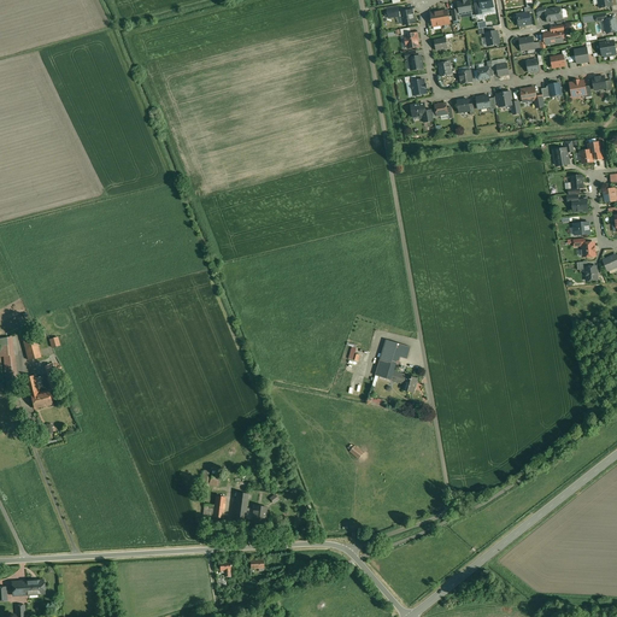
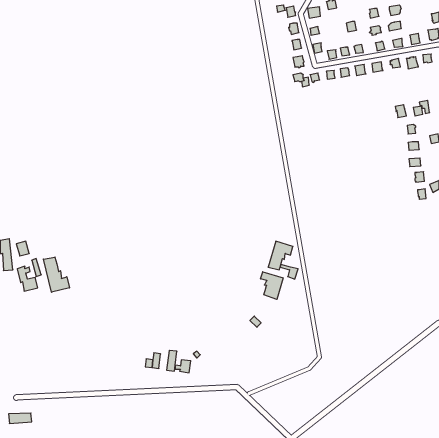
building: none -> [43,257,69,292]
building: none -> [261,272,283,299]

